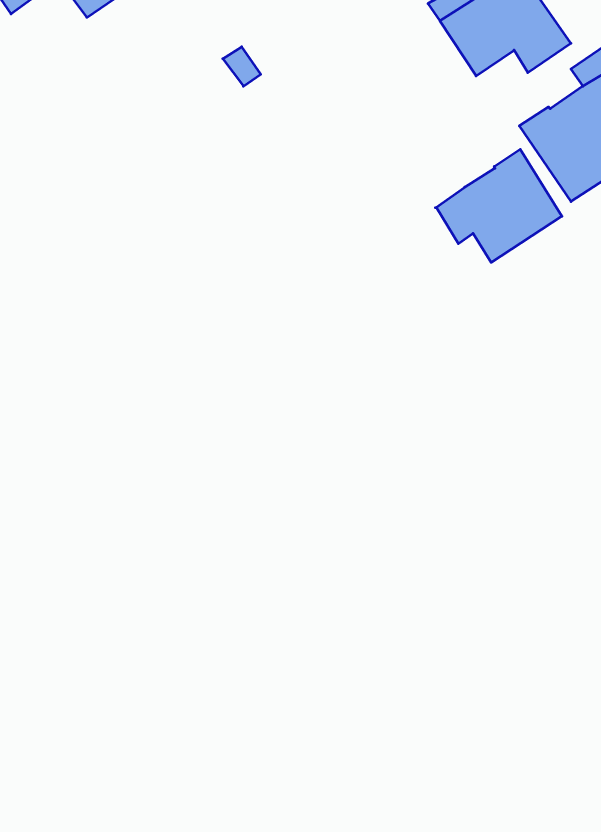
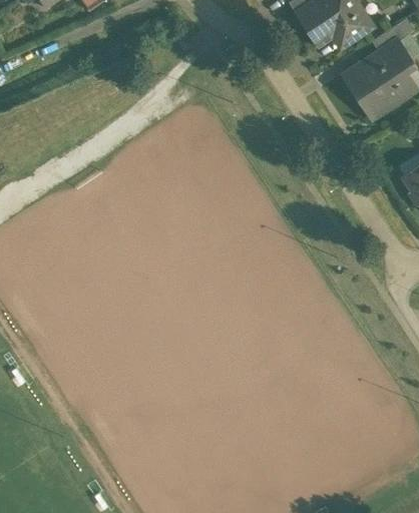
building: [435,149,562,262] -> none

